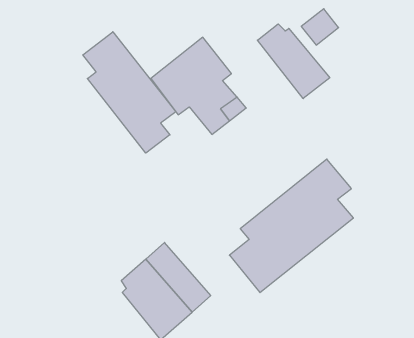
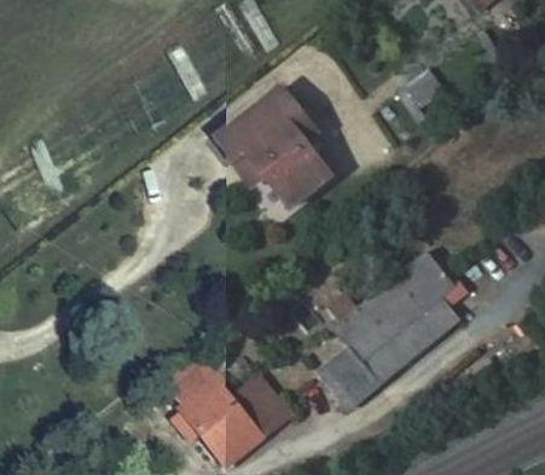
building: [257,24,330,99] -> none
building: [83,32,176,153] -> none

